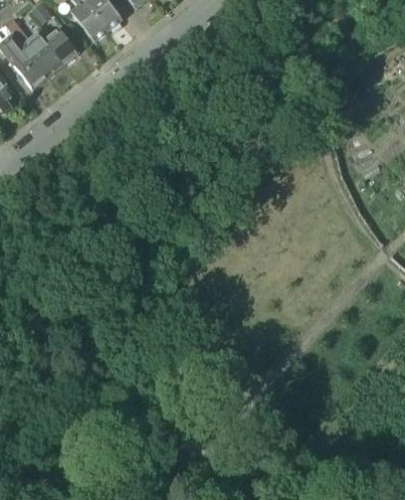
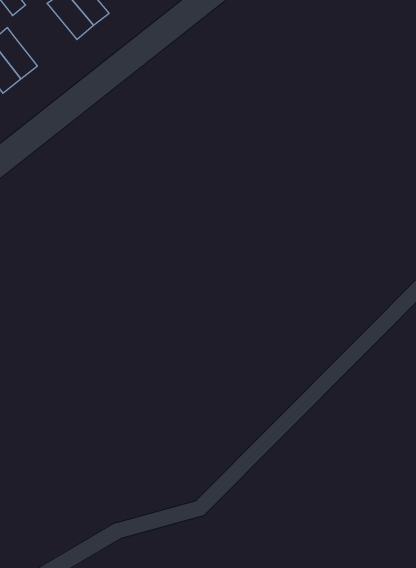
building: [42,26,78,63] -> none

